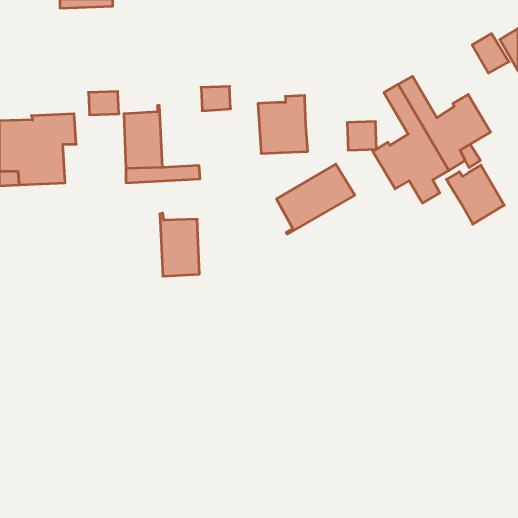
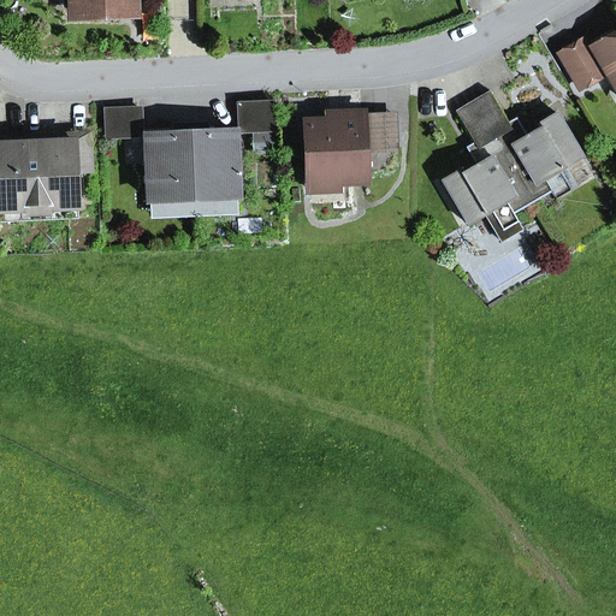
building: [347,122,377,150] -> [361,116,396,149]
building: [277,164,355,234] -> none
building: [446,165,504,224] -> none
building: [160,213,199,276] -> [189,124,236,199]

